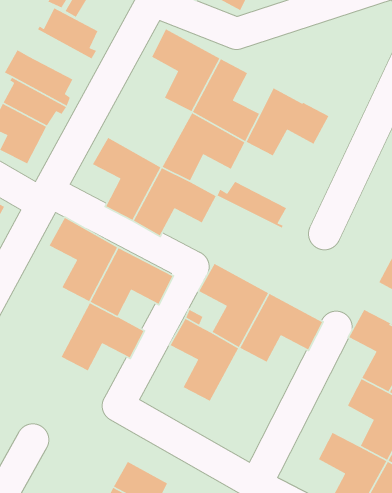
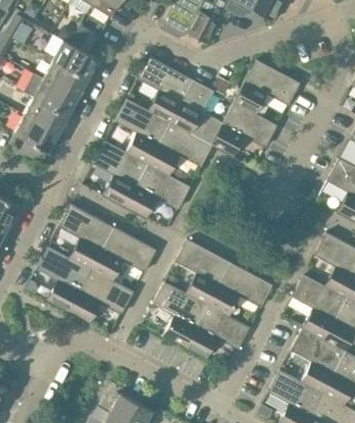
building: none -> [44,58,93,97]
building: none -> [234,60,300,115]
building: none -> [115,100,170,165]
building: [217,181,287,229] -> none
building: none -> [37,247,91,313]
building: none -> [185,306,250,360]

